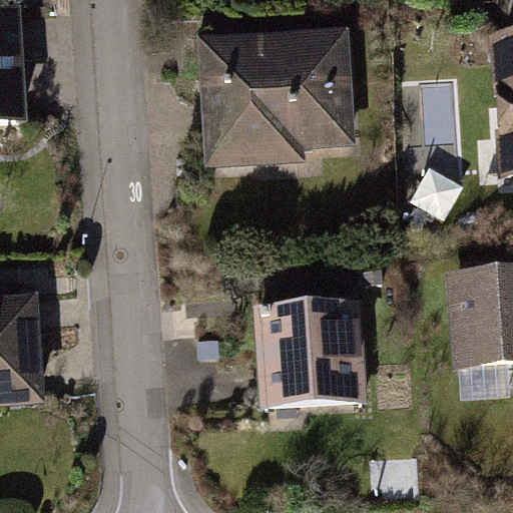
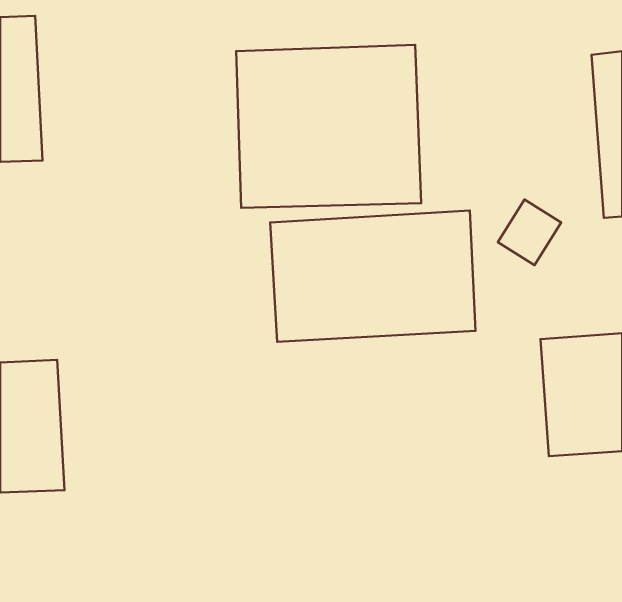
building: none -> [270,211,475,342]
building: [249,308,368,420] -> none

